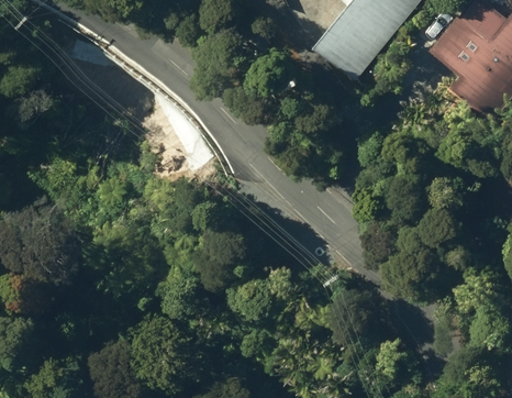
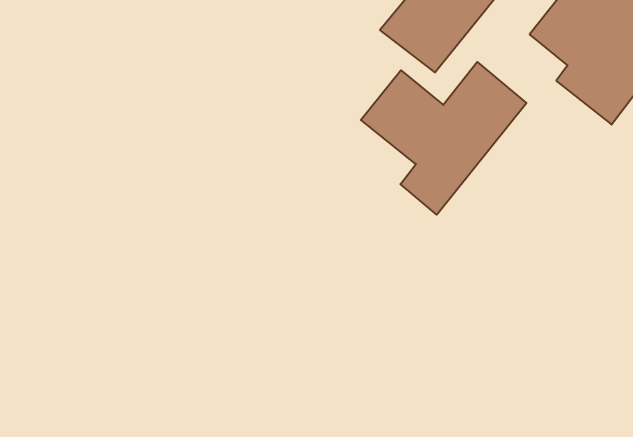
building: none -> [361,62,526,215]

